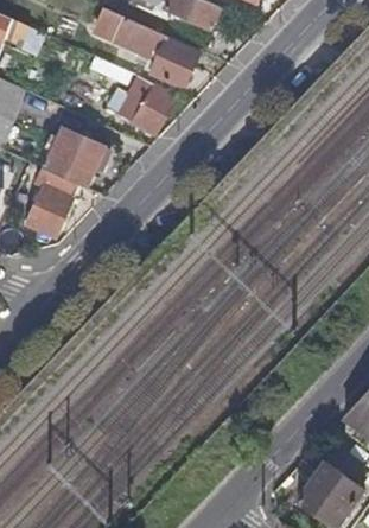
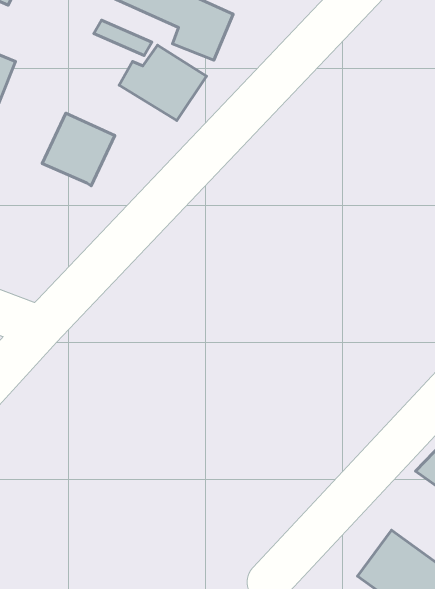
building: [25,167,81,236] -> none

